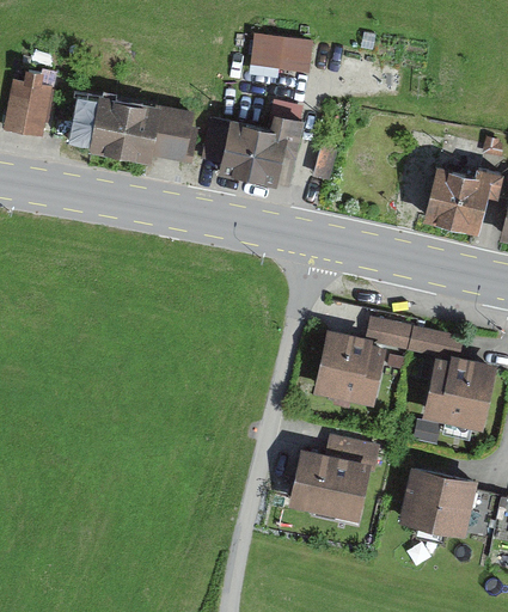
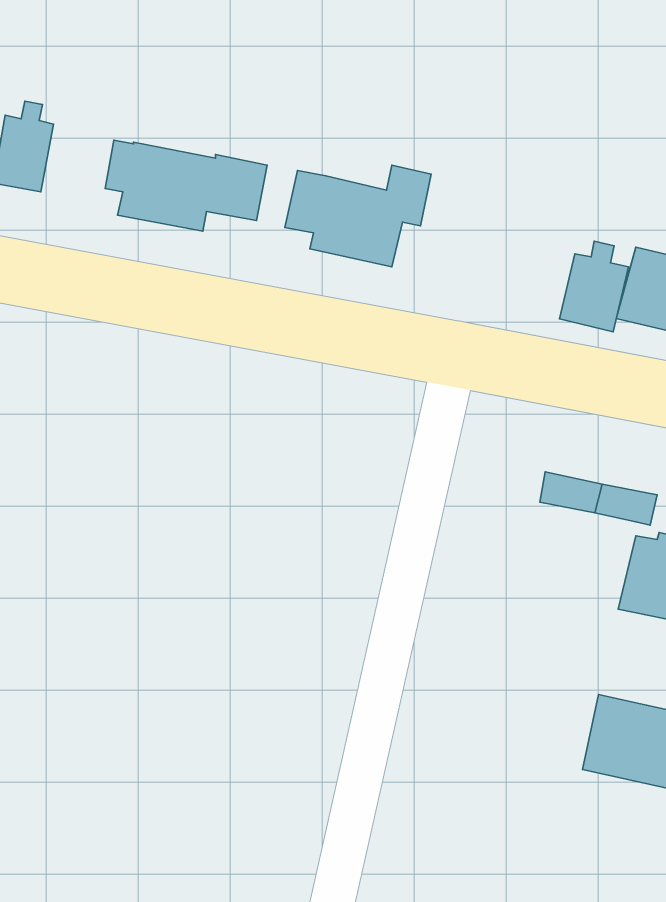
building: [252,32,318,79] -> none
building: none -> [560,241,629,332]
building: [317,335,379,400] -> none
building: [292,440,374,516] -> none

